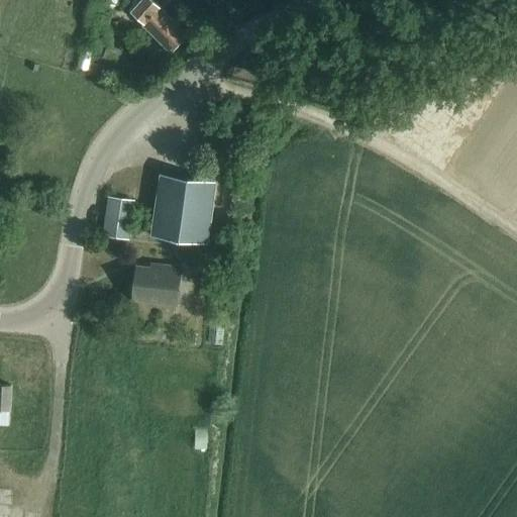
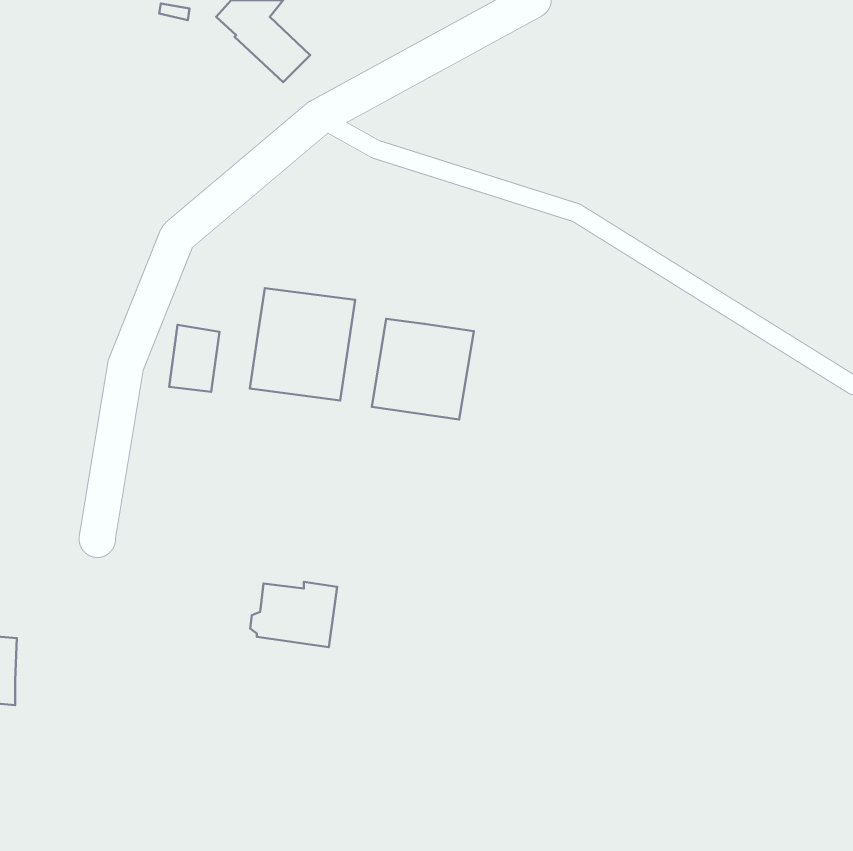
building: none -> [372,319,474,420]
building: [127,267,180,306] -> [250,582,337,647]

